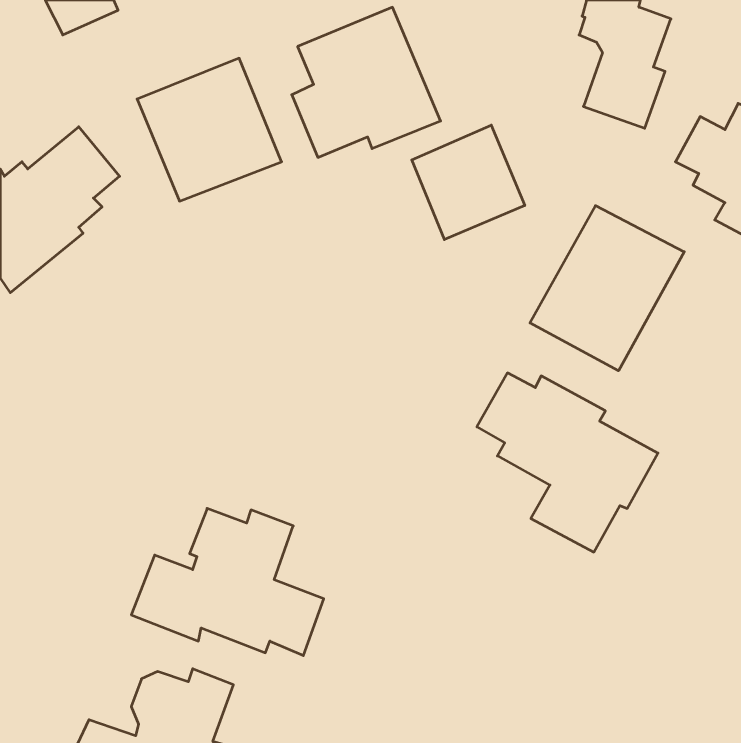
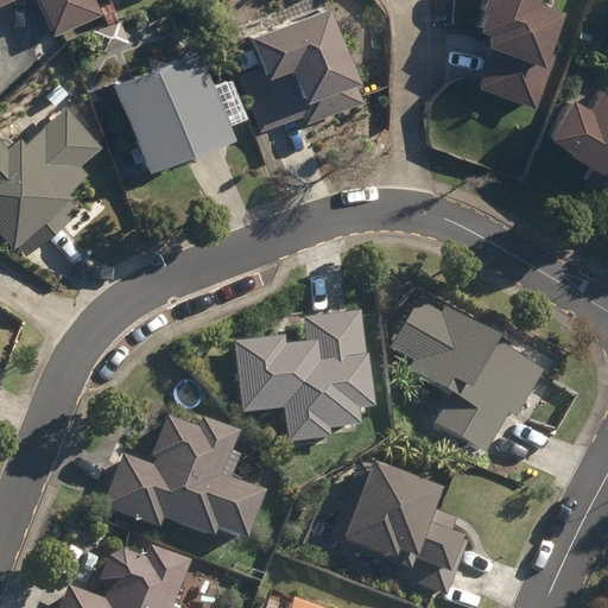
building: [412,125,525,240] -> none
building: [530,206,684,371] -> none
building: none -> [240,314,376,438]
building: none -> [331,458,469,595]

